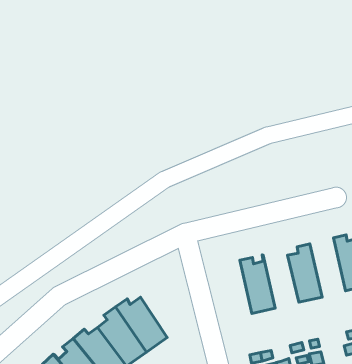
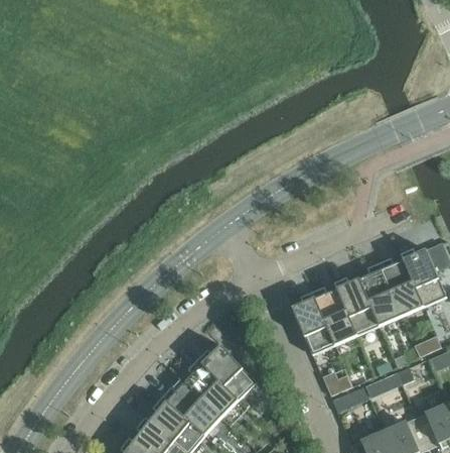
building: none -> [380,254,423,315]
building: none -> [335,277,379,334]
building: none -> [292,293,334,353]

